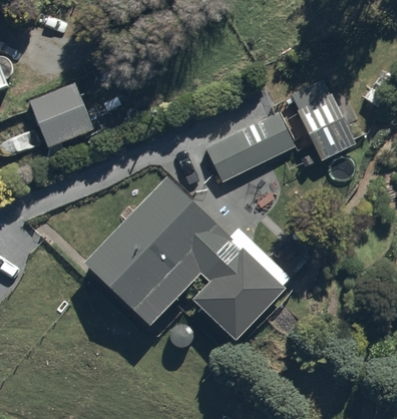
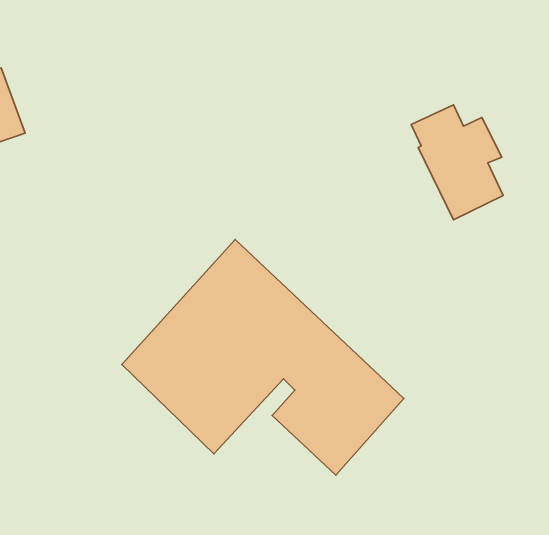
building: [27,63,96,153] -> none
building: [204,110,295,182] -> none

